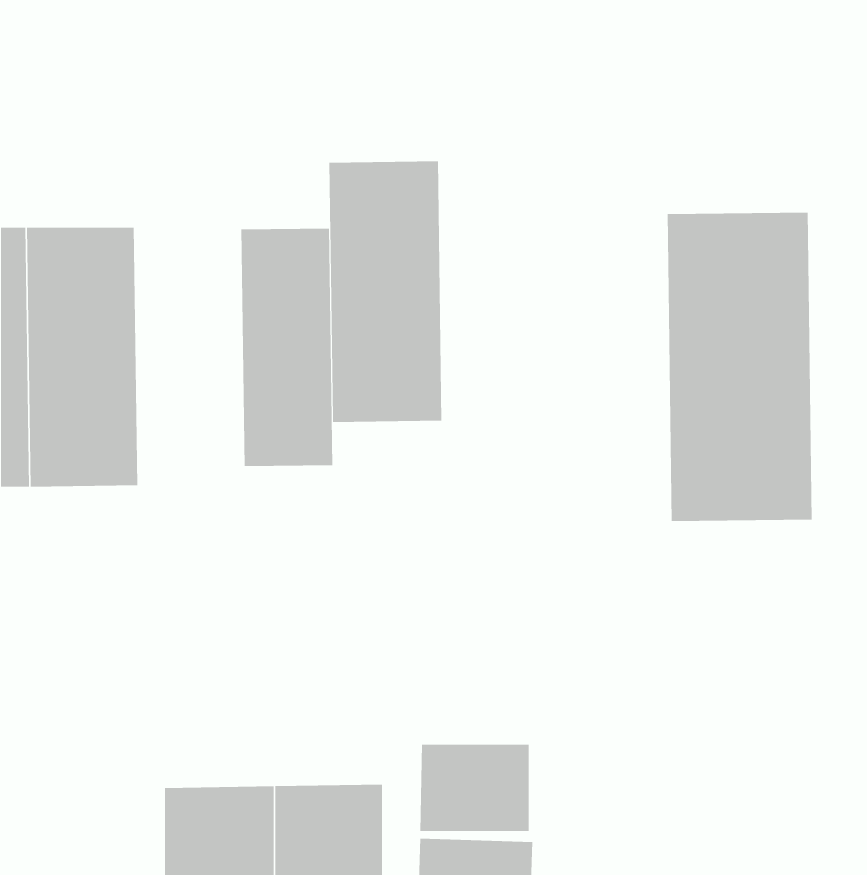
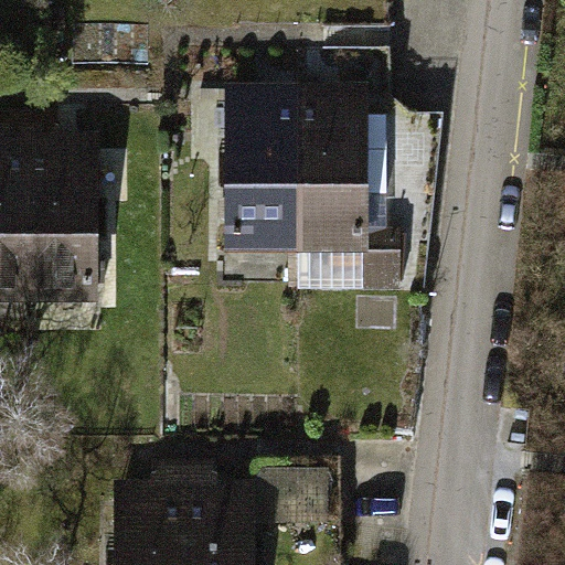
building: none -> [294,111,364,277]
building: [667,212,812,522] -> none
building: [241,228,333,467] -> none

